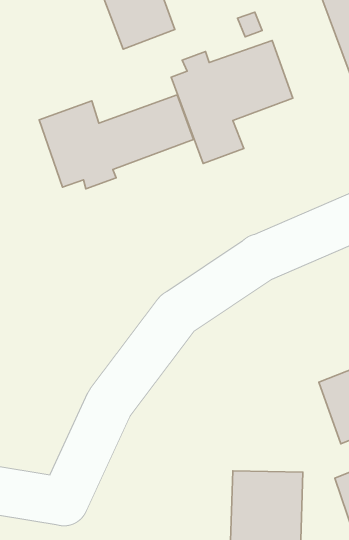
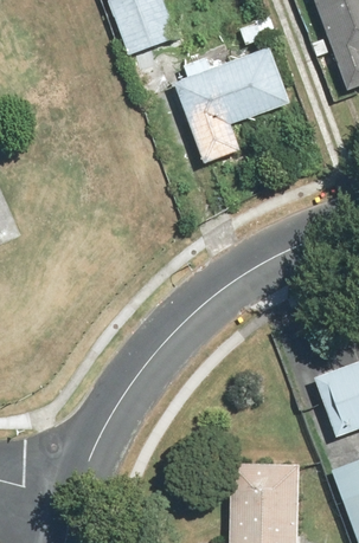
building: [39,95,194,189] -> none

